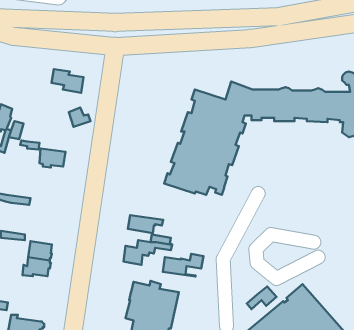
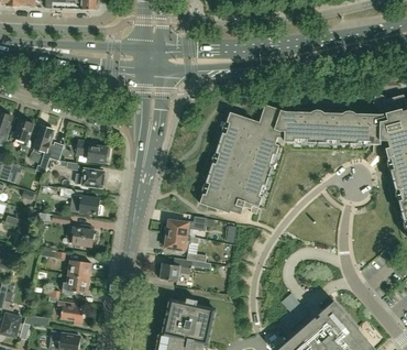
building: [52,69,83,93] -> [76,140,107,163]
building: none -> [59,187,101,214]
building: none -> [67,223,96,248]
building: [163,254,203,277] -> [166,216,206,238]
building: none -> [48,296,84,325]

